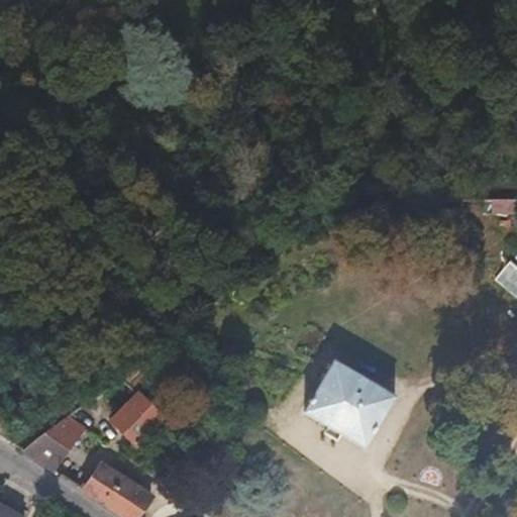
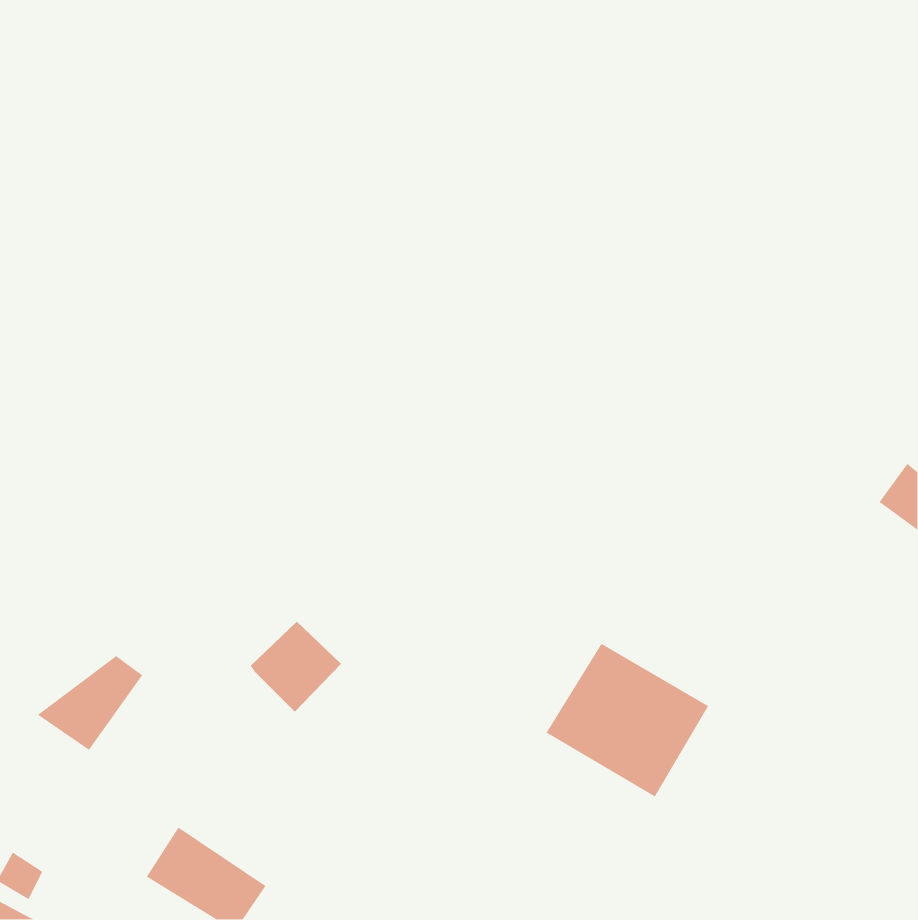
building: [110,394,162,445] -> [250,621,342,712]
building: [21,417,81,471] -> [37,655,143,751]

